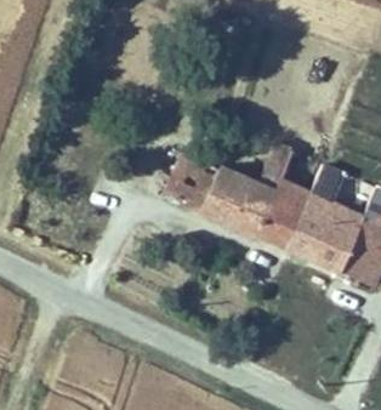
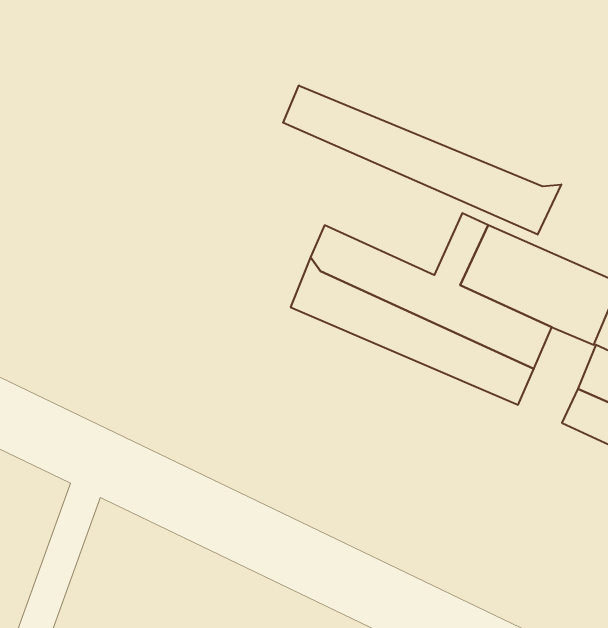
building: none -> [283,85,561,235]
building: [317,216,364,274] -> none

